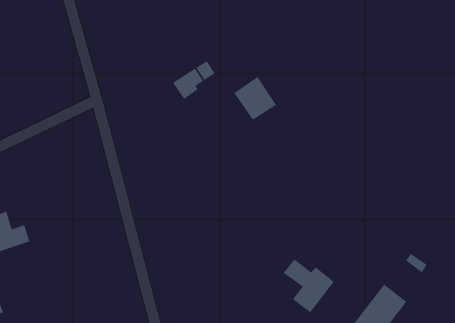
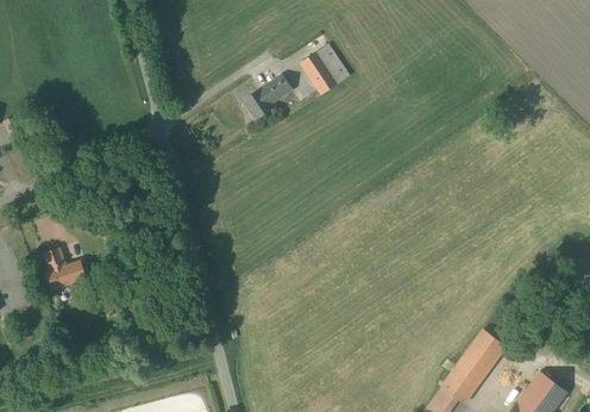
building: [233,76,277,121] -> [300,44,349,94]
building: [283,259,335,313] -> none

